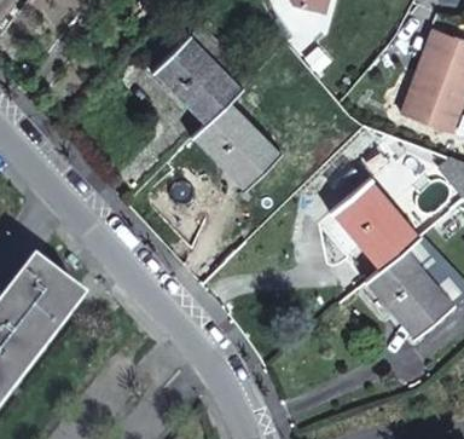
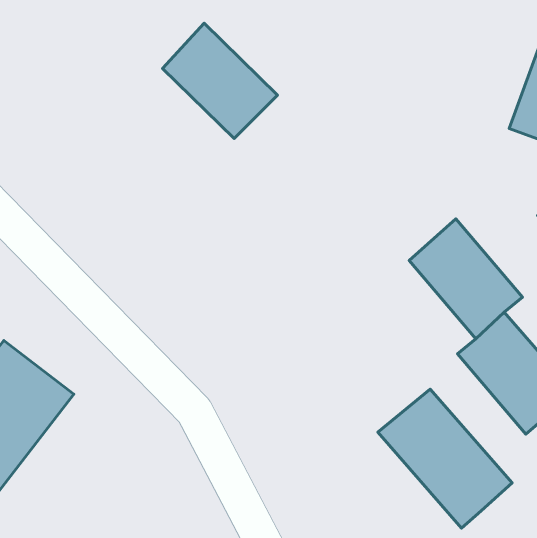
building: [191,100,277,186] -> none
building: none -> [378,389,512,528]

